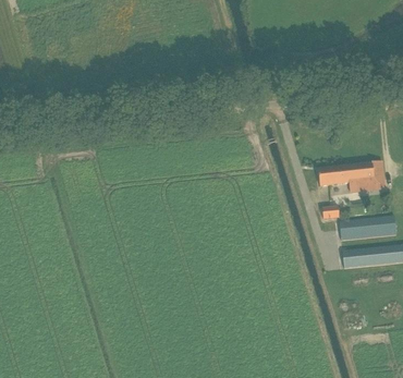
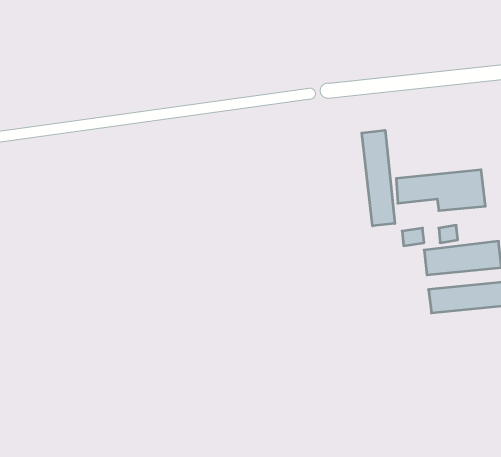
building: none -> [362,130,395,226]

